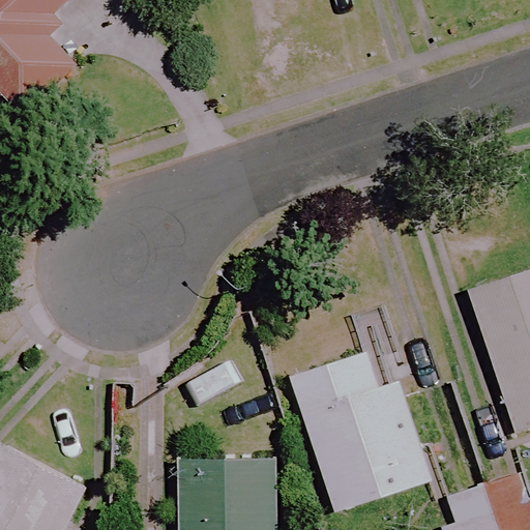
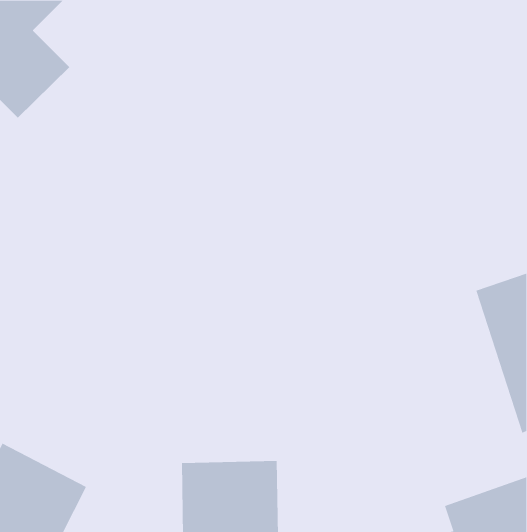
building: [293,350,431,509] -> none

